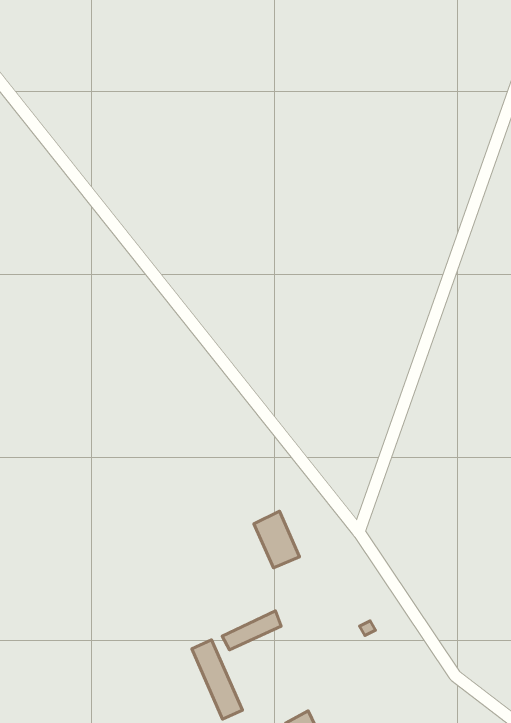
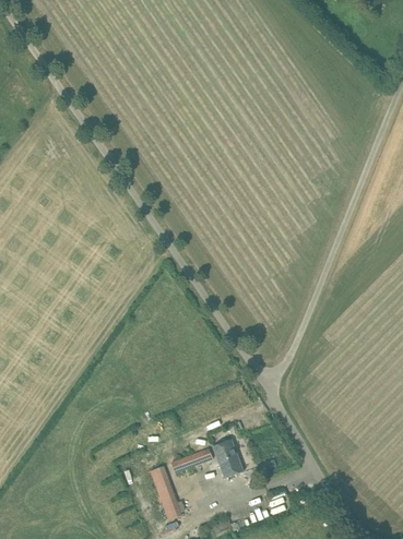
building: [254,511,300,568] -> [212,438,242,477]

